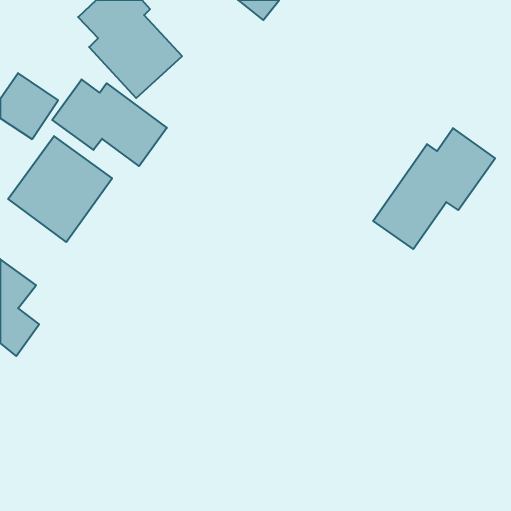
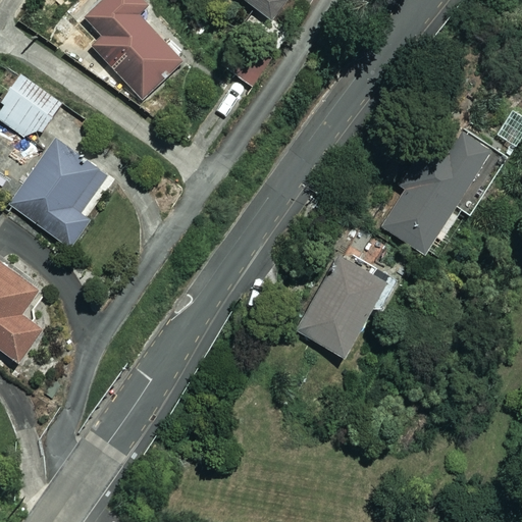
building: [52,79,167,166] -> none
building: none -> [295,259,392,357]

